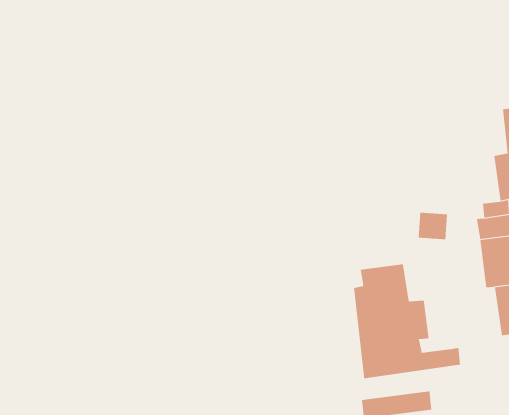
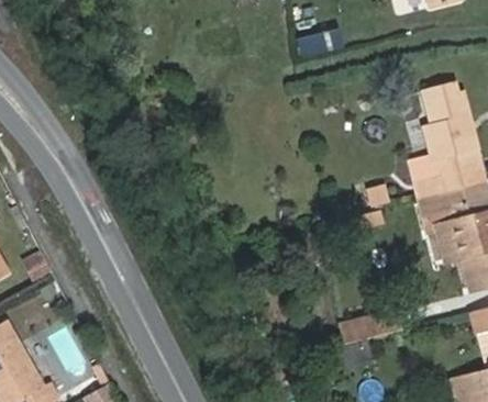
building: [354,263,461,379] -> none

